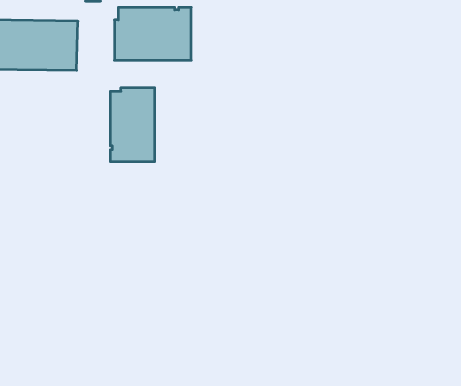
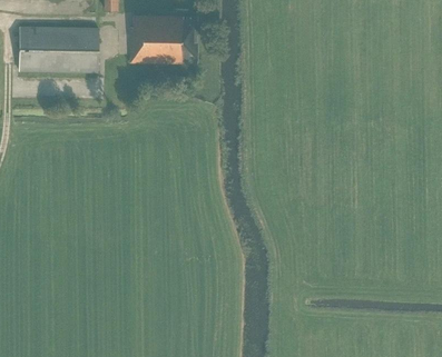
building: [110,88,155,162] -> none

